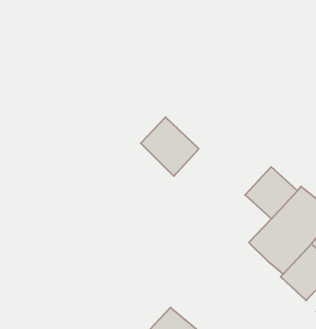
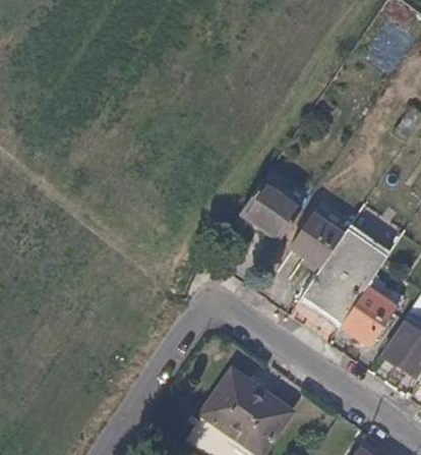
building: [141,117,199,176] -> [243,180,303,239]

